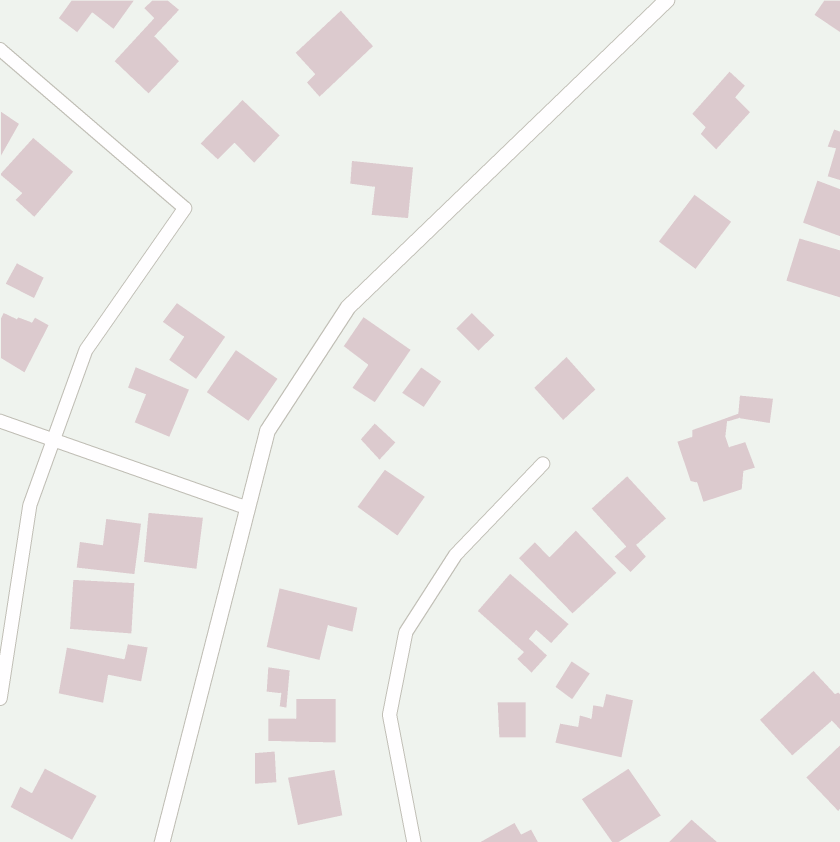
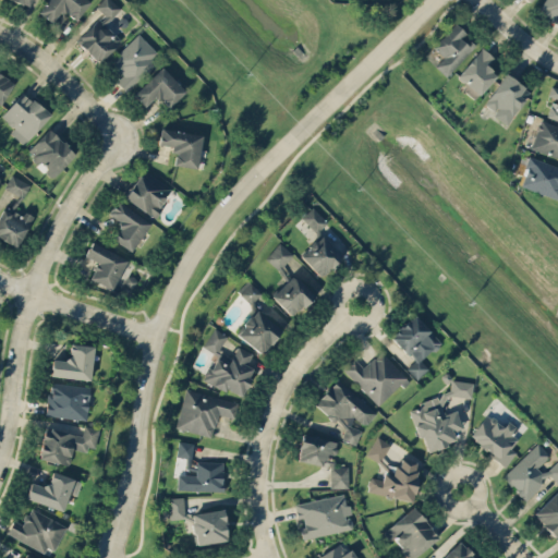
building: [295,10,374,97] -> [110,34,162,92]
building: none -> [435,23,476,77]
building: [349,161,414,218] -> [160,130,203,168]
building: none -> [27,129,76,178]
building: [658,194,732,270] -> [484,74,533,124]
building: [343,316,412,403] -> none
building: [206,349,278,422] -> [125,170,173,218]
building: [534,356,596,421] -> [302,235,343,278]
building: [677,395,774,503] -> [411,380,475,451]
building: none -> [272,275,315,318]
building: none -> [205,328,255,398]
building: [143,512,203,570] -> none
building: none -> [470,414,522,466]
building: none -> [298,434,339,466]
building: none -> [26,472,83,511]
building: none -> [295,494,354,538]

